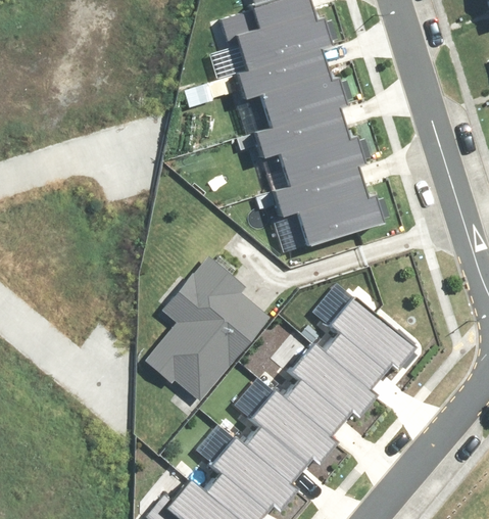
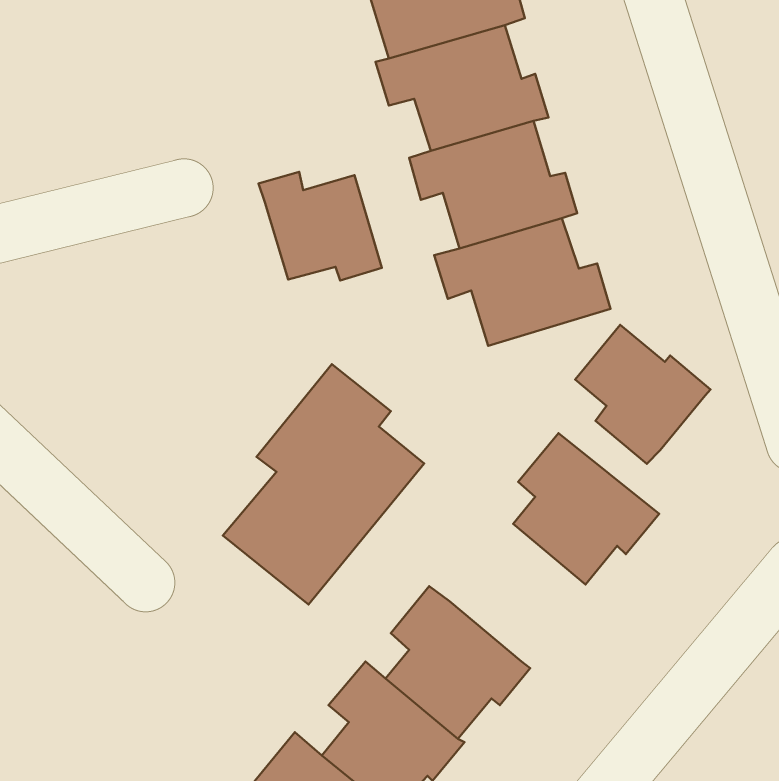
building: none -> [259,172,382,280]
building: none -> [575,325,710,464]
building: [284,344,372,436] -> none

